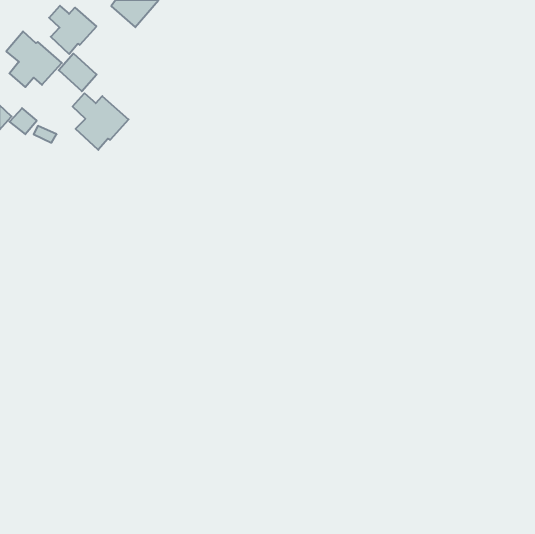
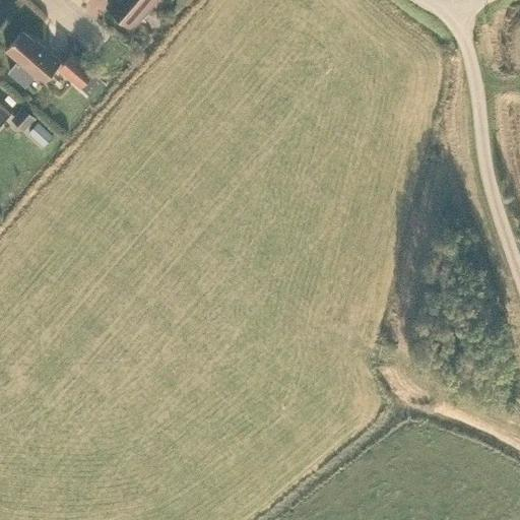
building: [49,6,96,54] -> none
building: [73,93,129,150] -> none

